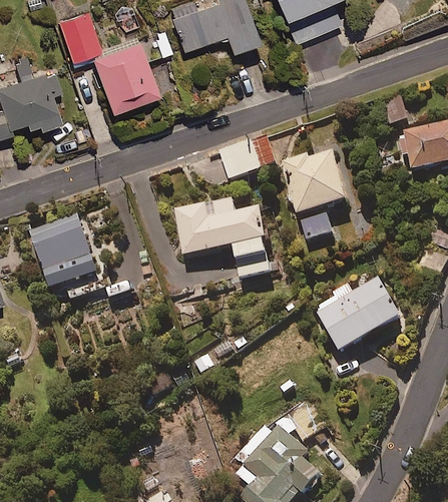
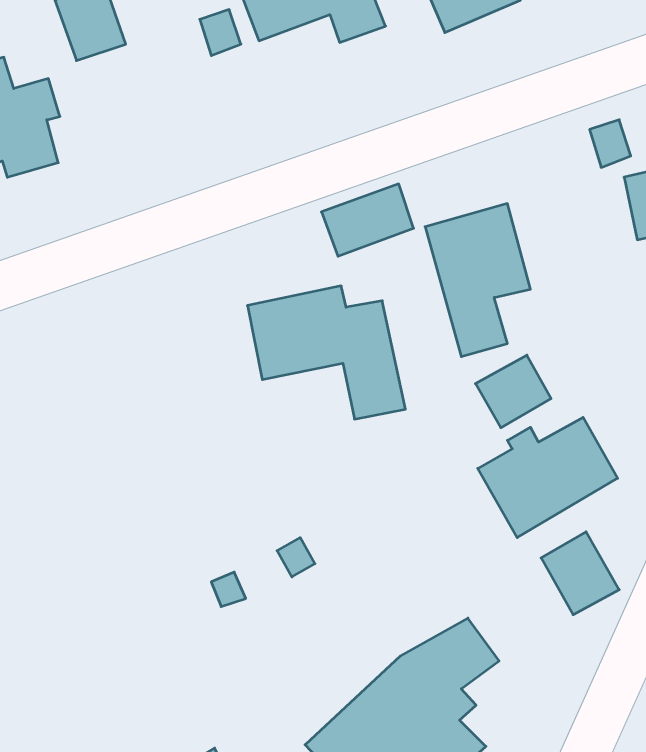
building: [92,38,159,111] -> none
building: [31,216,98,290] -> none
building: none -> [475,355,551,428]
building: none -> [541,532,619,615]

